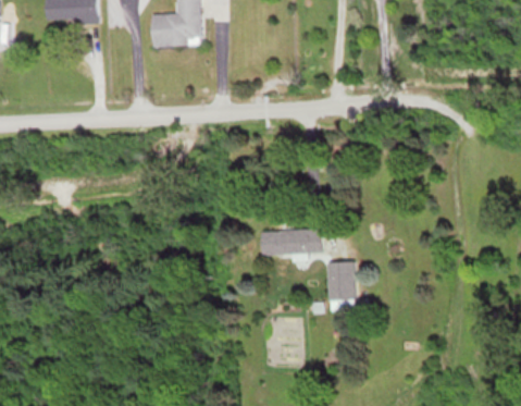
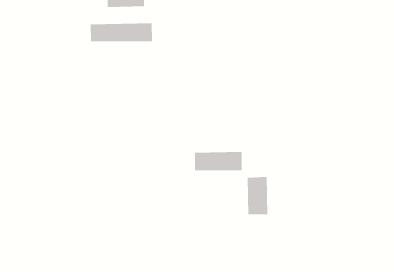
building: none -> [90,23,153,42]

